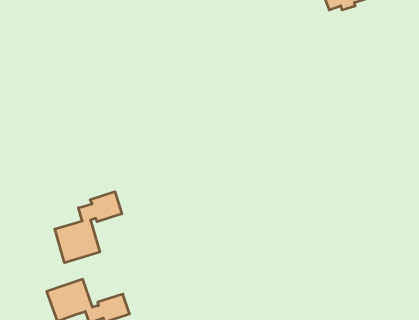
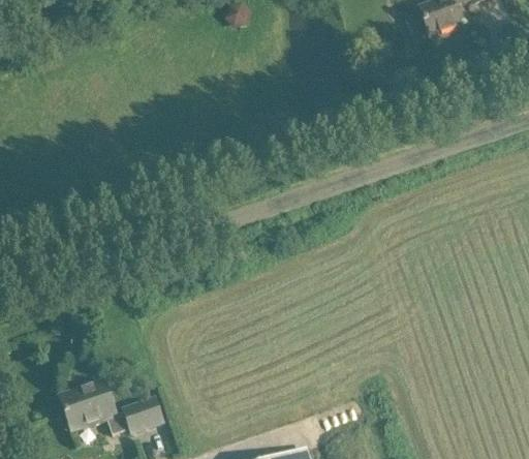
building: [55,192,122,263] -> none

